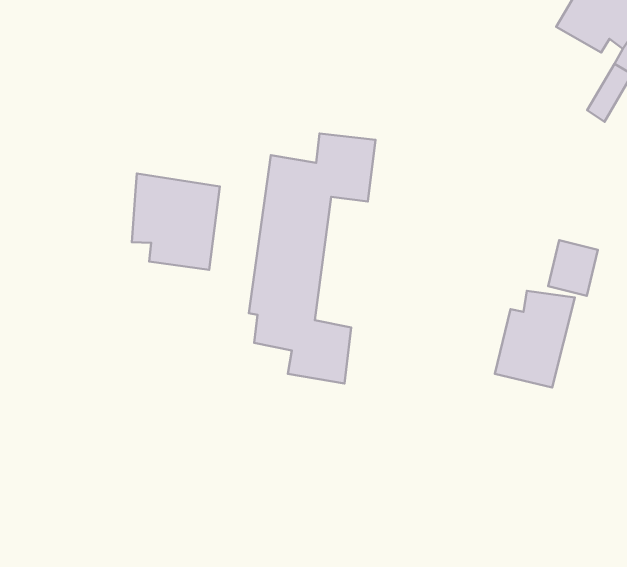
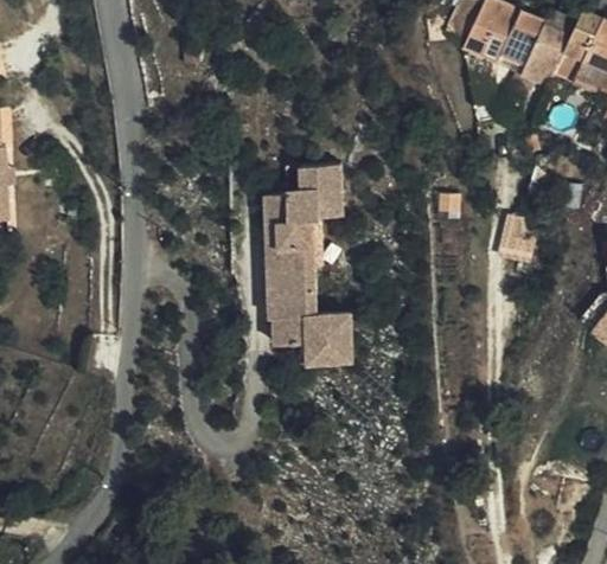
building: [132,174,220,270] -> none
building: [495,291,575,387] -> none

